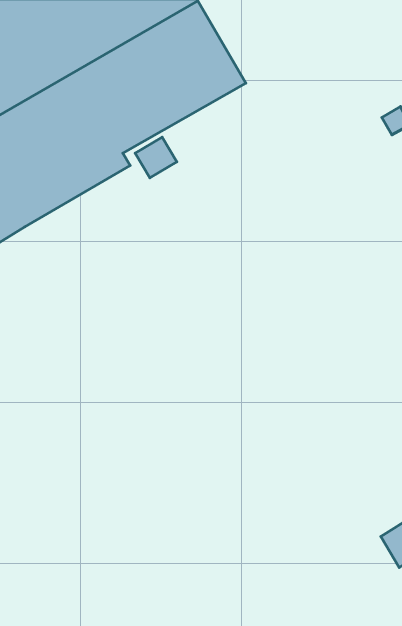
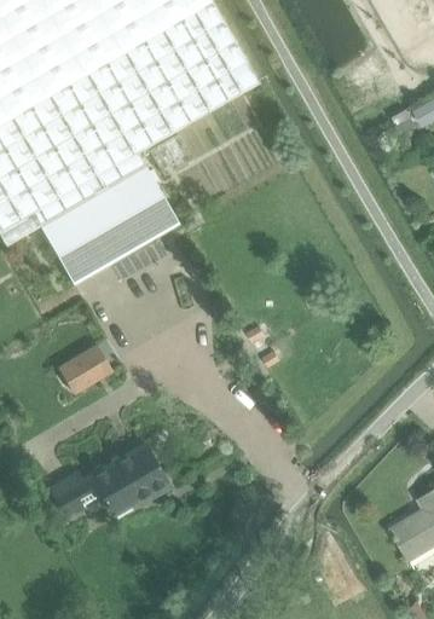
building: none -> [40,164,178,284]
building: none -> [58,345,111,393]
building: none -> [48,445,168,515]

